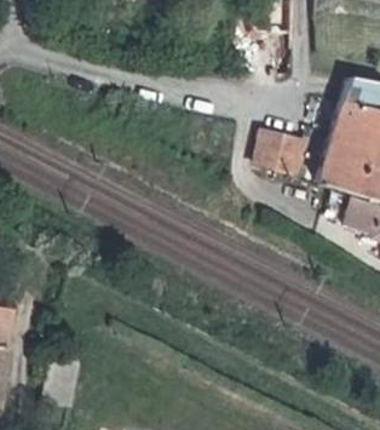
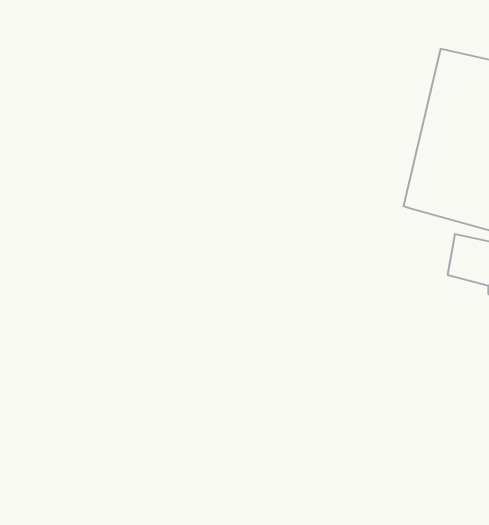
building: [252,130,293,173] -> none

